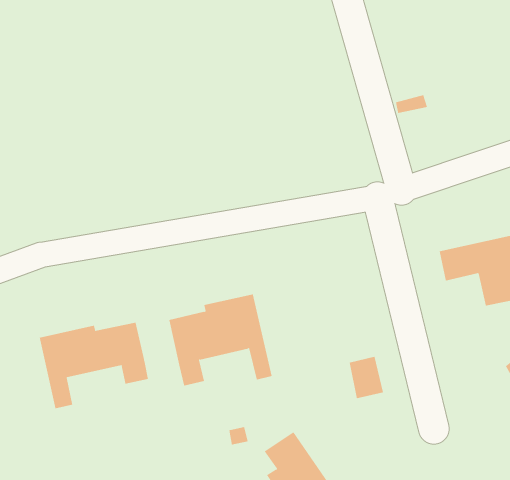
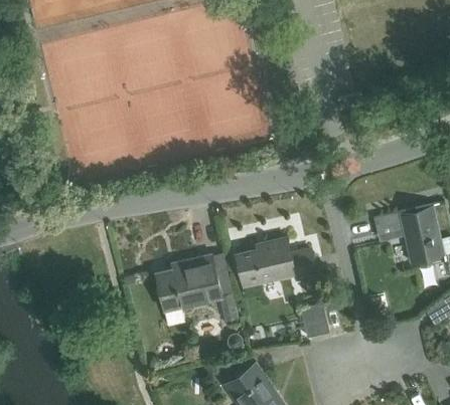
building: none -> [237,239,315,286]
building: [39,322,149,409] -> none

